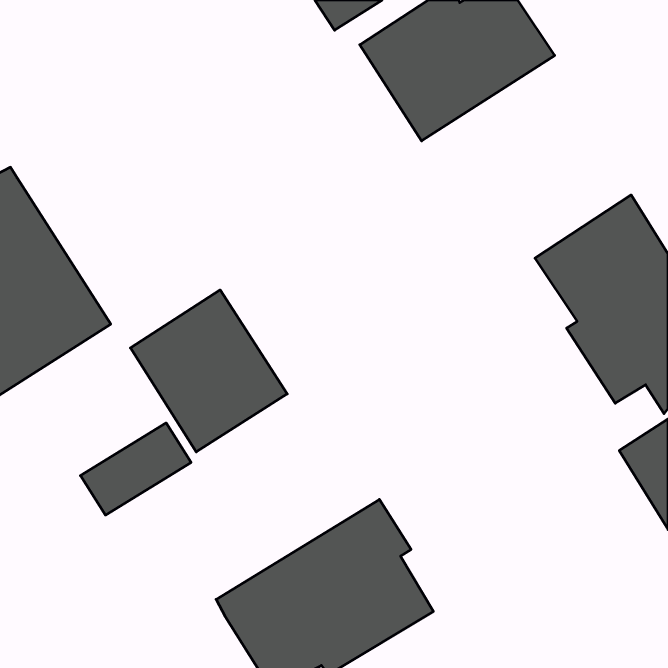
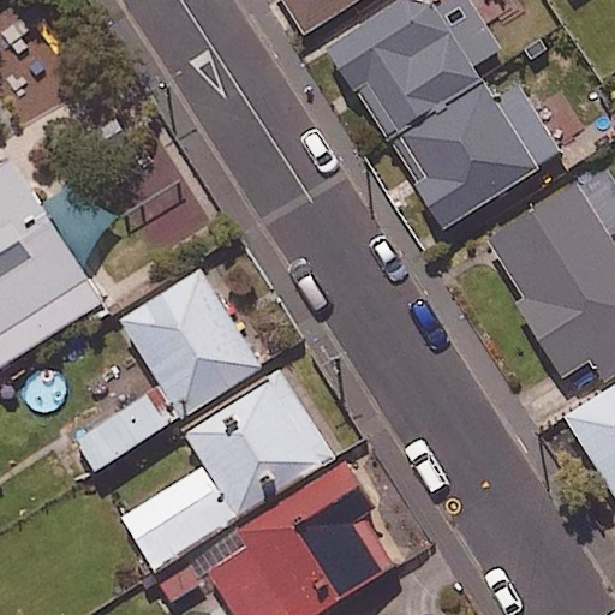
building: none -> [392,83,561,226]
building: none -> [121,371,333,567]

